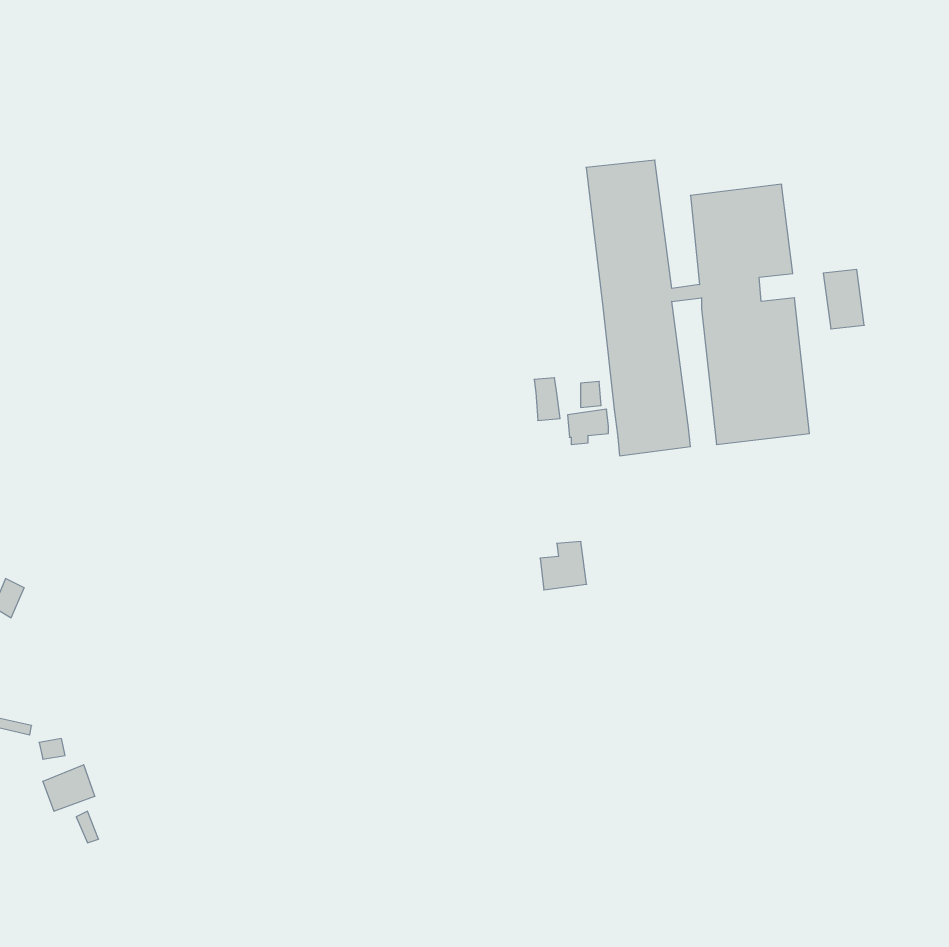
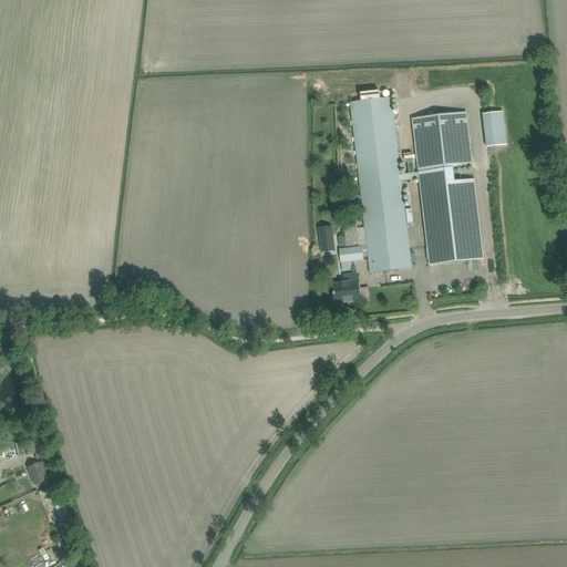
building: [823,269,864,329] -> [482,110,506,145]
building: [540,542,587,590] -> [332,272,360,301]

